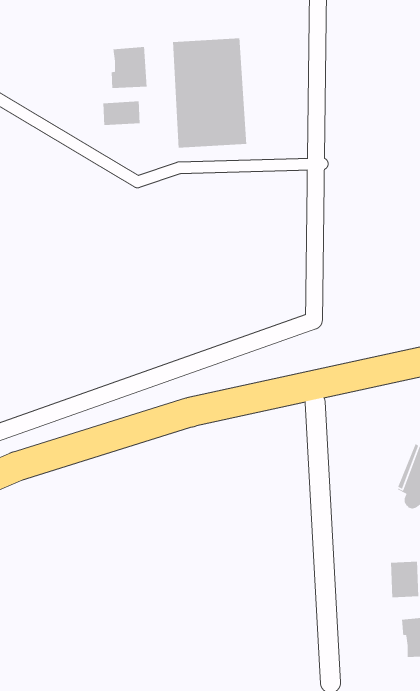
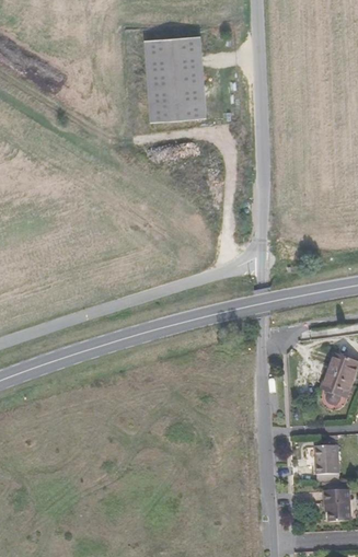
building: [111,46,147,89] -> none
building: [102,101,141,126] -> none

